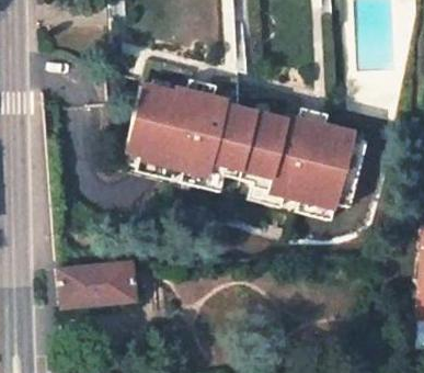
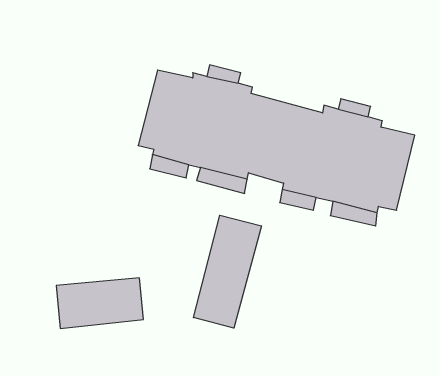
building: none -> [193,215,262,328]

